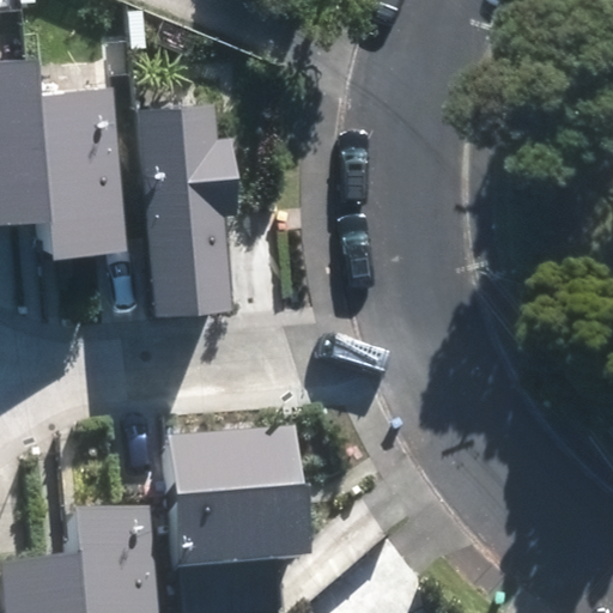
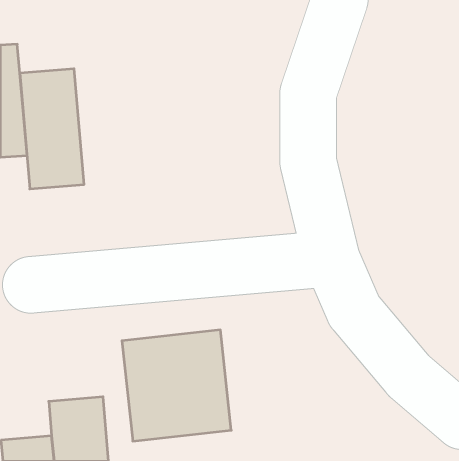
building: [136,99,237,312] -> none

